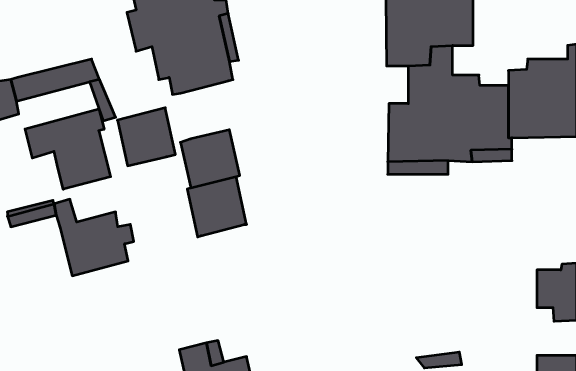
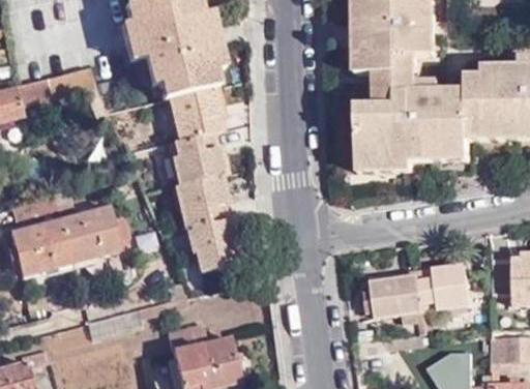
building: [117,108,175,166] -> [169,86,222,139]
building: [25,109,111,189] -> none
building: none -> [187,216,237,269]
building: none -> [11,218,70,276]
building: none -> [366,264,471,323]

